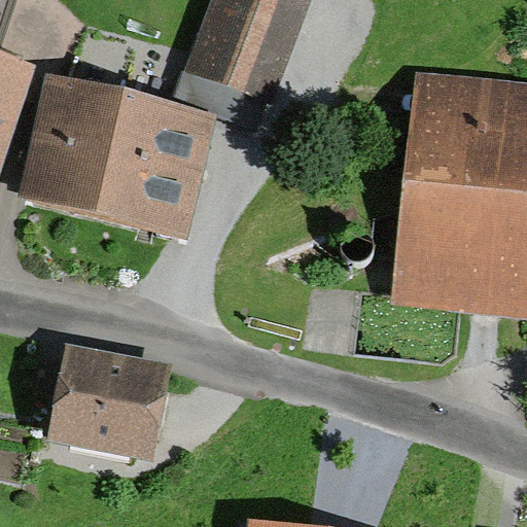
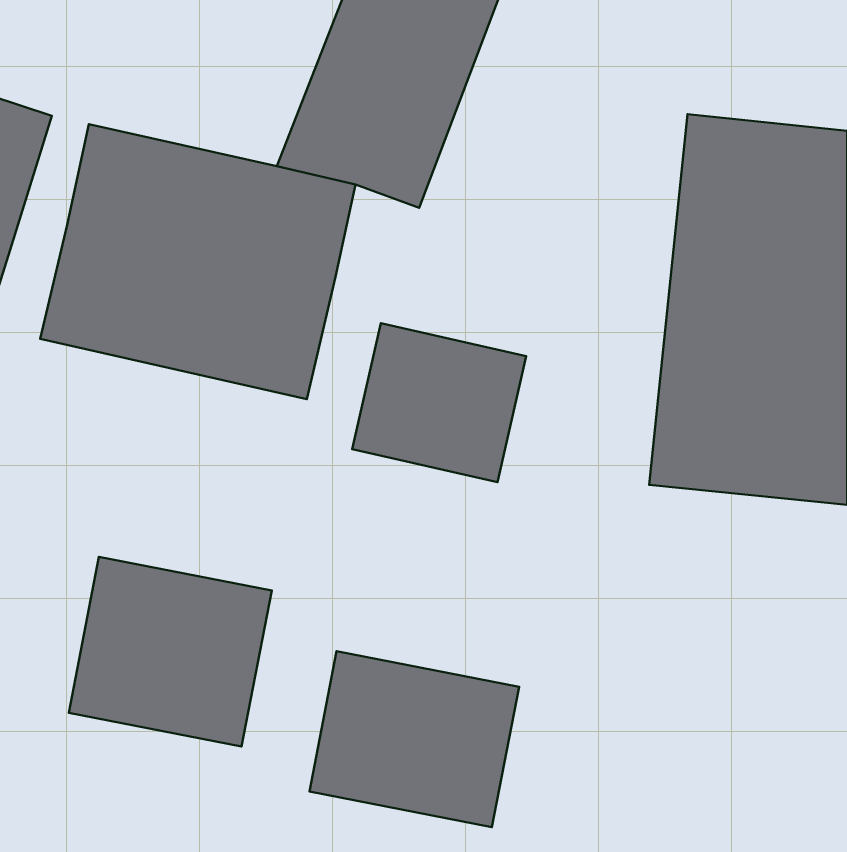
building: none -> [352,323,526,482]
building: none -> [309,651,519,827]

